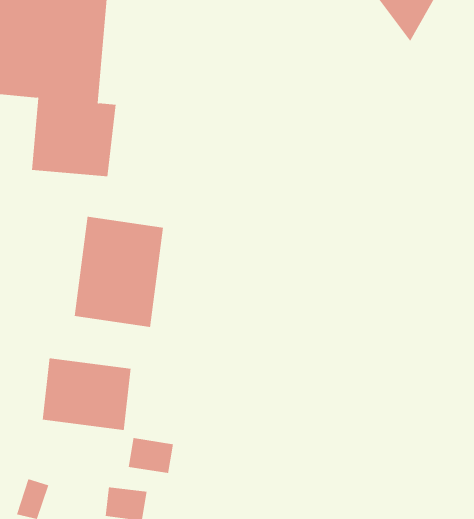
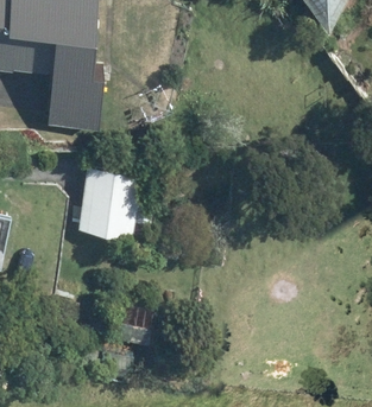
building: [42,358,131,431] -> none

